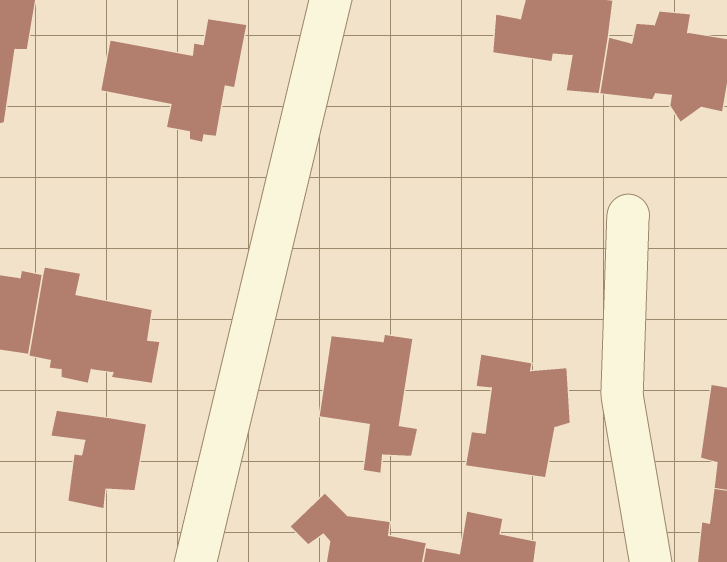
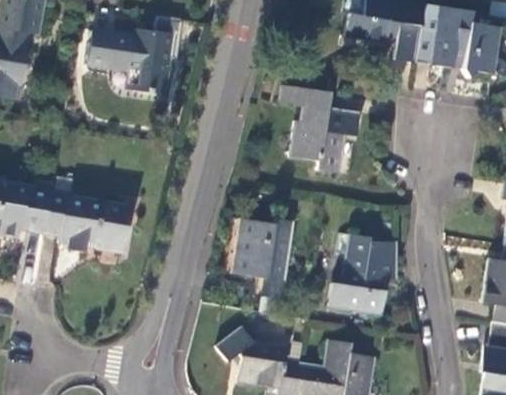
building: none -> [280,86,360,173]
building: [51,410,146,509] -> none

